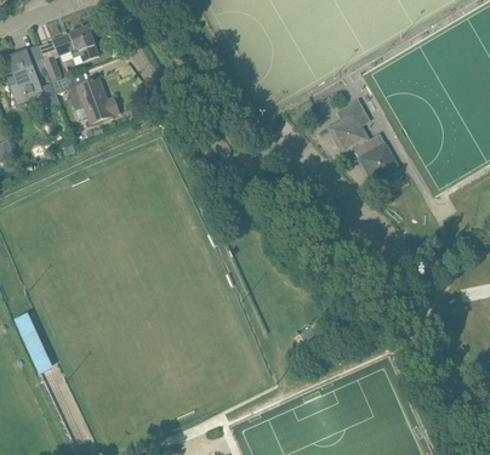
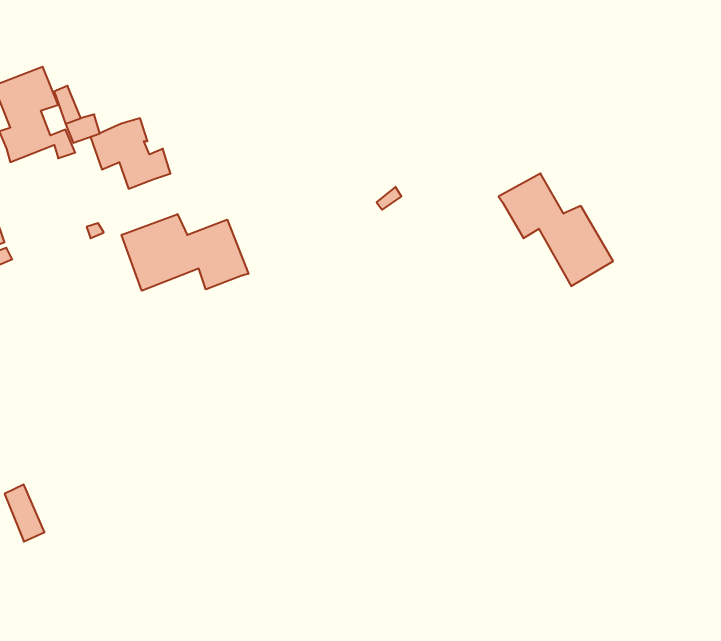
building: [51,23,98,59] -> none
building: none -> [122,214,248,291]

